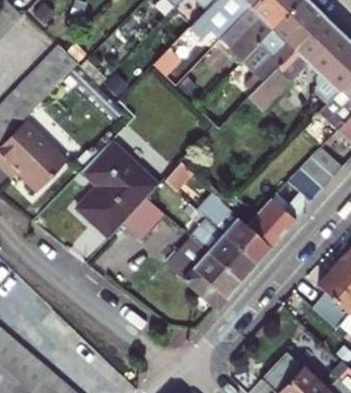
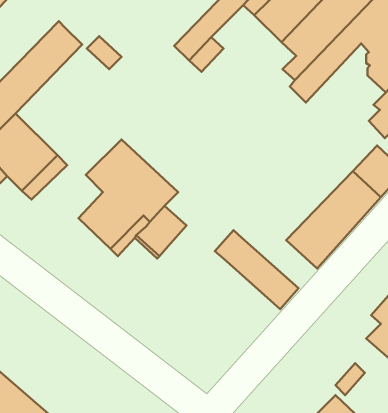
building: [208,193,272,264] -> none
building: [170,240,241,309] -> none

